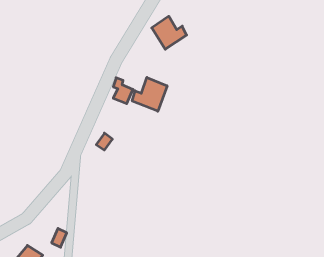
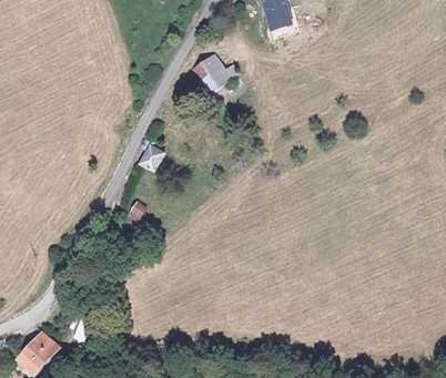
building: [132,77,167,111] -> none

